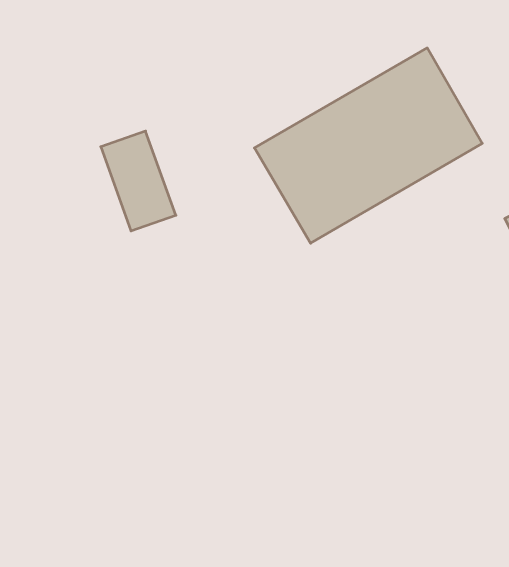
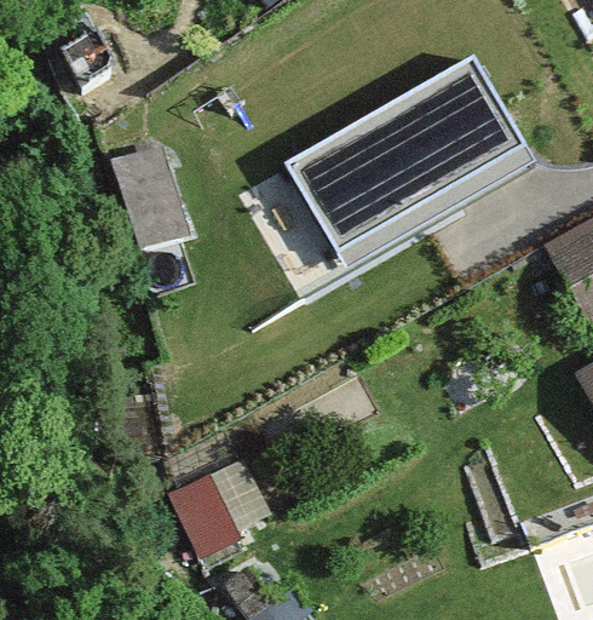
building: none -> [177,458,280,558]

